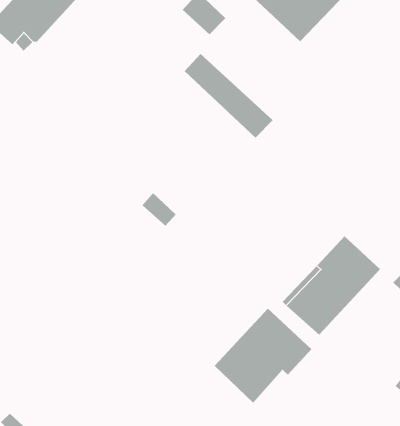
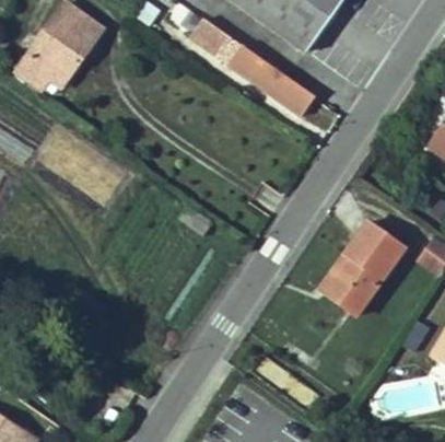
building: [184,53,273,138] -> [229,44,316,115]
building: [214,308,312,404] -> none

